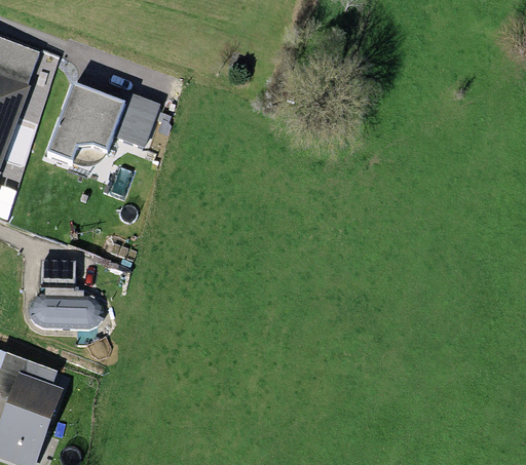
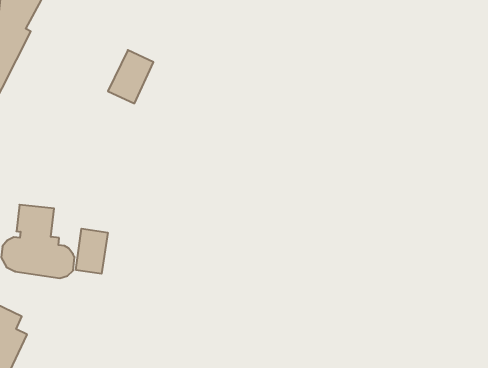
building: [45,81,126,163] -> none
building: none -> [76,229,108,274]

